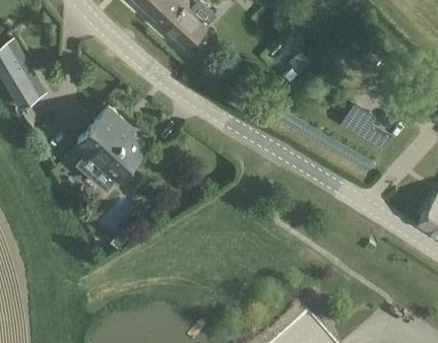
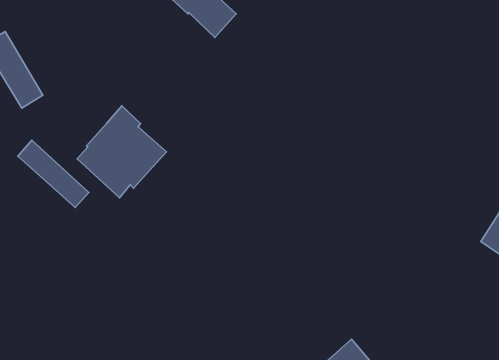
building: [342,107,389,151] -> none
building: none -> [18,140,89,207]

